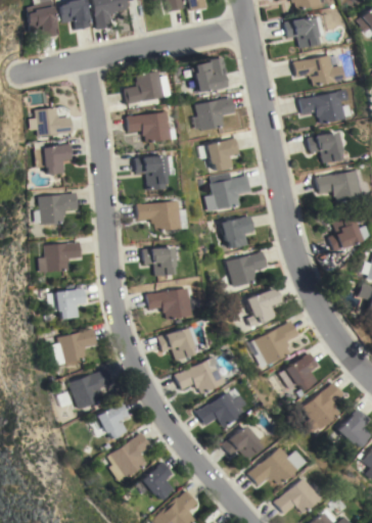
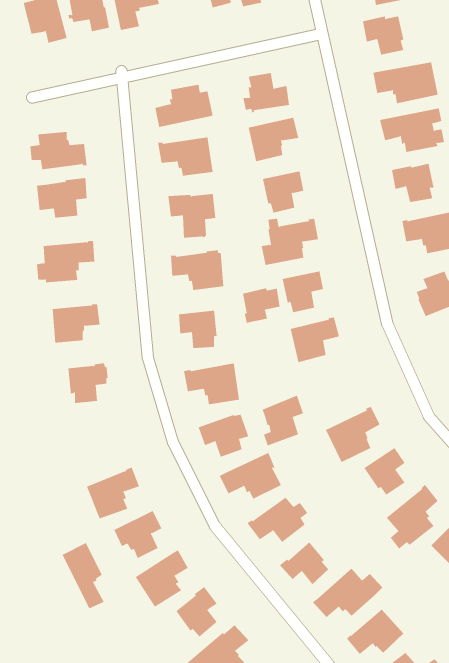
building: none -> [242,288,280,323]
building: [248,287,281,327] -> [262,395,304,446]
building: [54,328,98,365] -> none
building: none -> [62,542,105,609]

